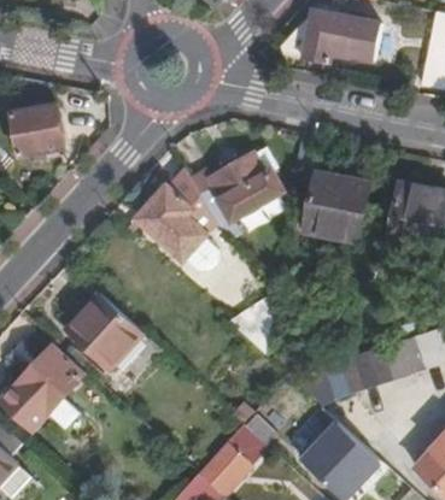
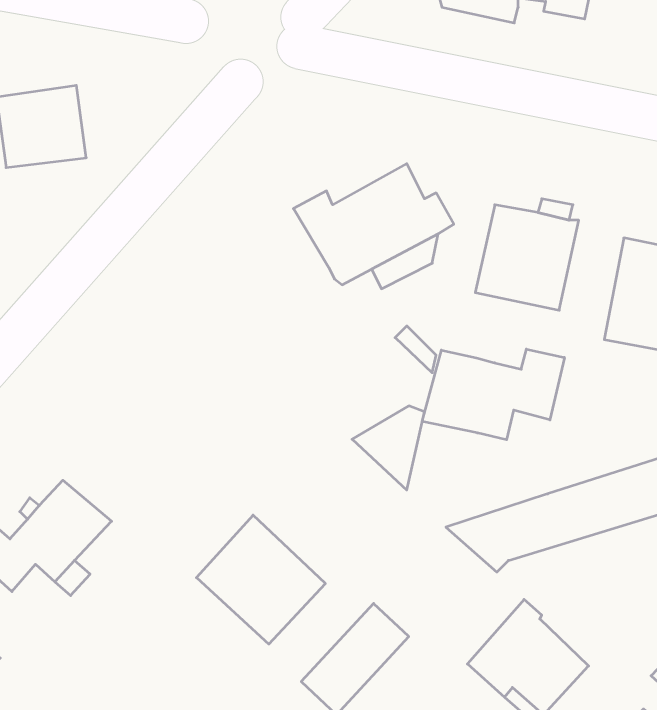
building: [139,169,215,254] -> none
building: none -> [422,349,564,440]
building: [64,290,144,370] -> [196,515,325,644]

